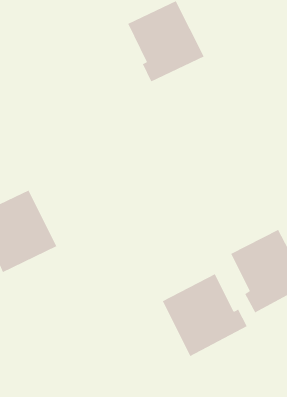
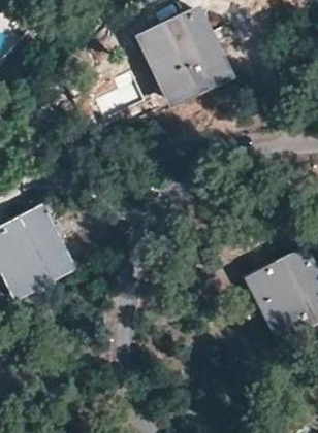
building: [162,273,248,357] -> none

